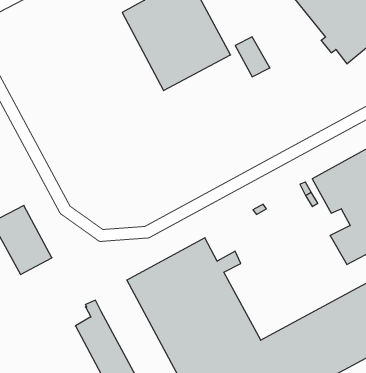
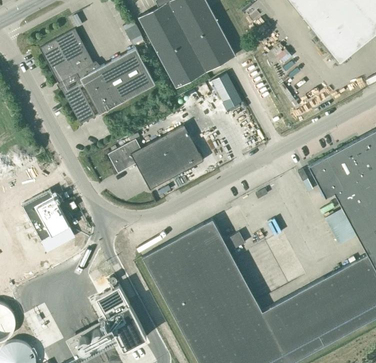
building: none -> [39,29,155,124]
building: [235,37,270,77] -> [211,73,242,109]
building: none -> [108,124,203,189]

